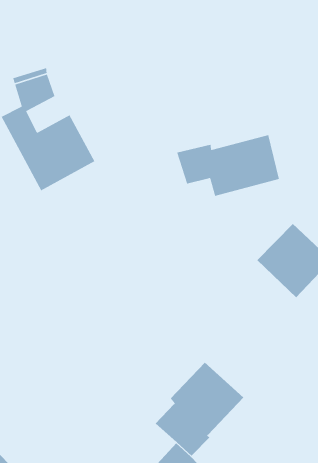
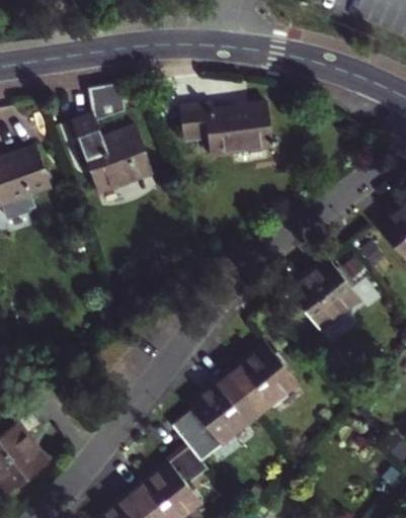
building: [176,134,280,197] -> [180,104,272,155]
building: none -> [227,345,297,414]

